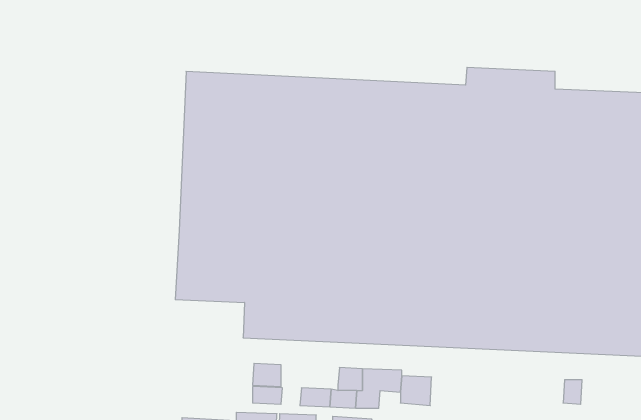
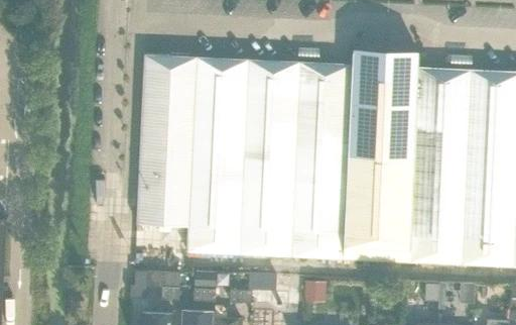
building: none -> [136,270,180,300]

